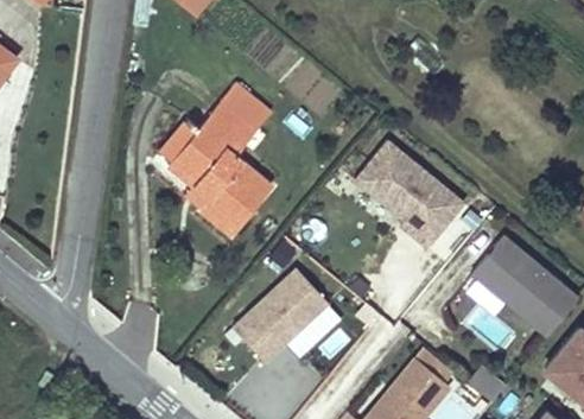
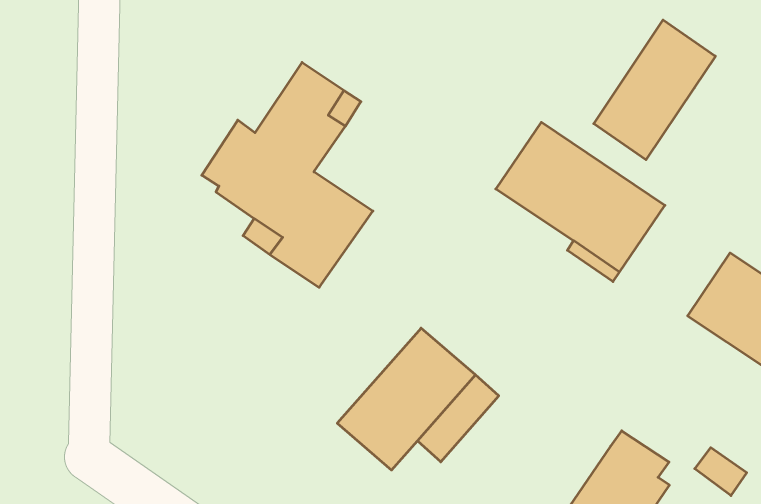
building: none -> [594,20,715,160]

